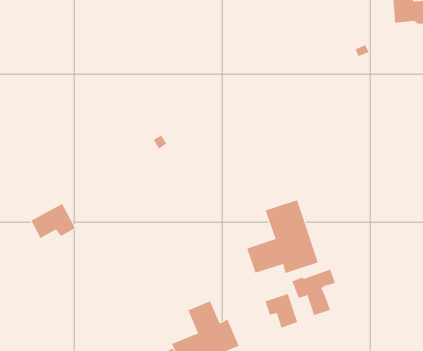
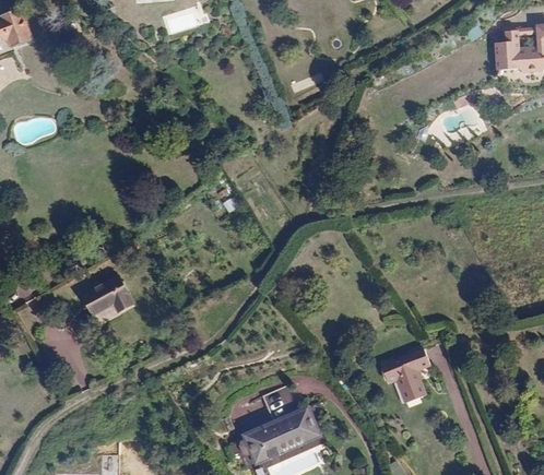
building: [246,199,318,274] -> none
building: [265,293,298,328] -> none

